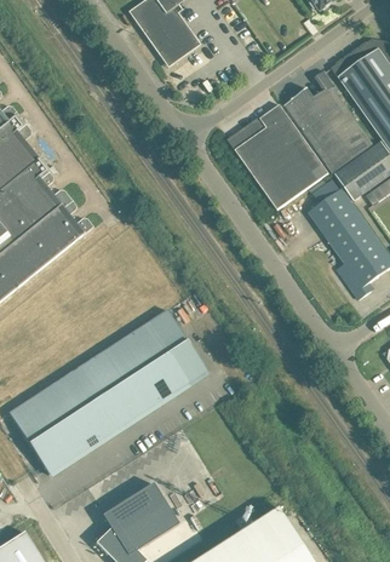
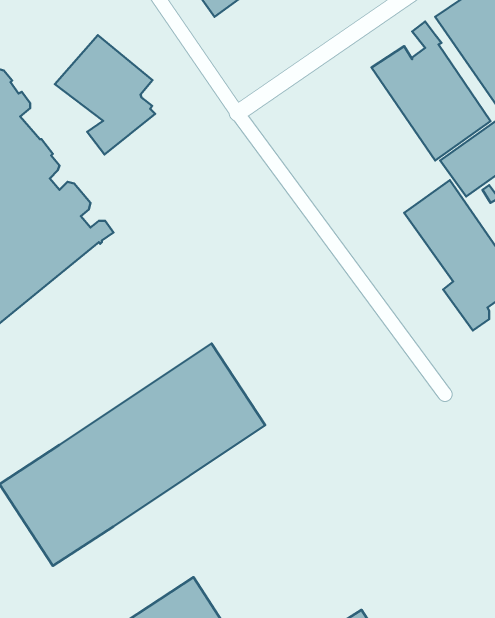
building: none -> [55,35,155,154]
building: [228,104,329,210] -> none

